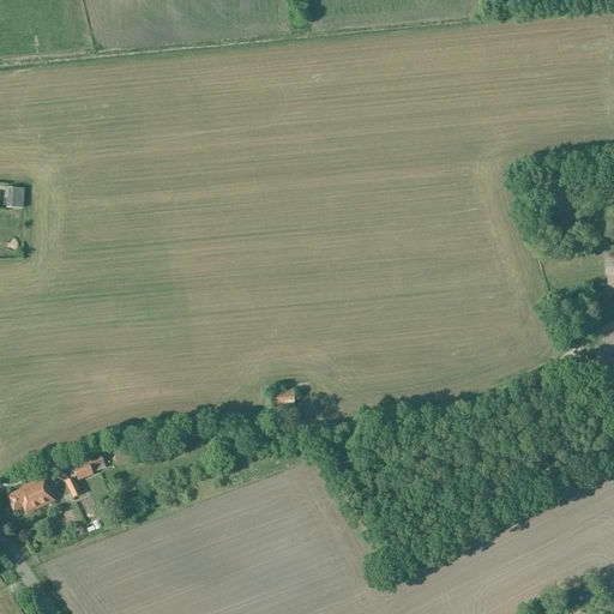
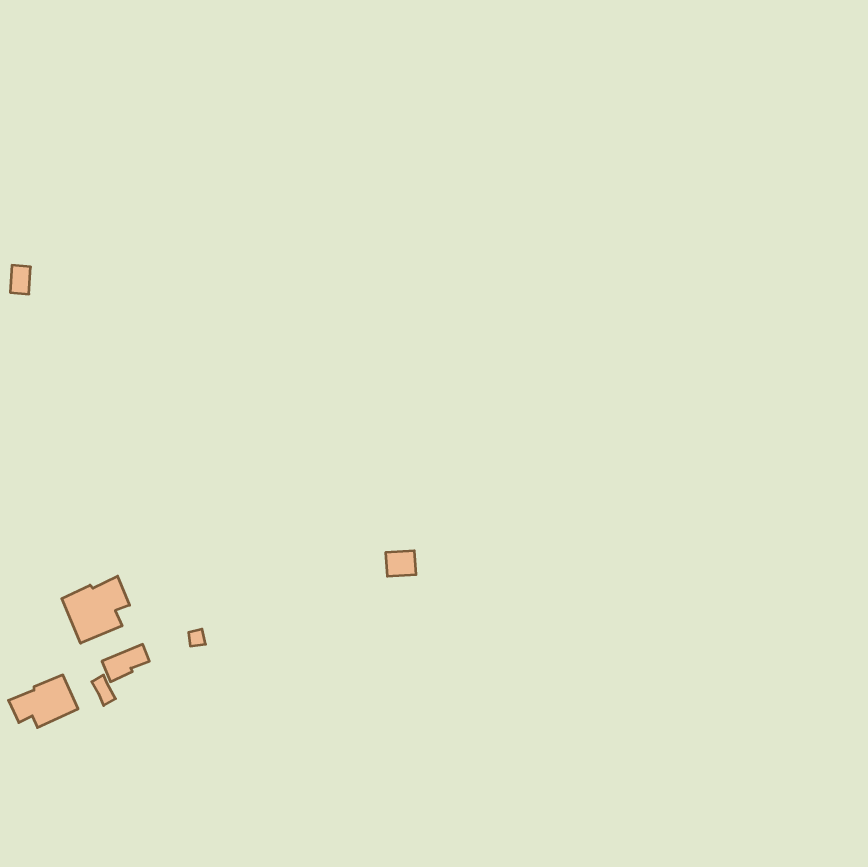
building: none -> [62,576,130,643]

